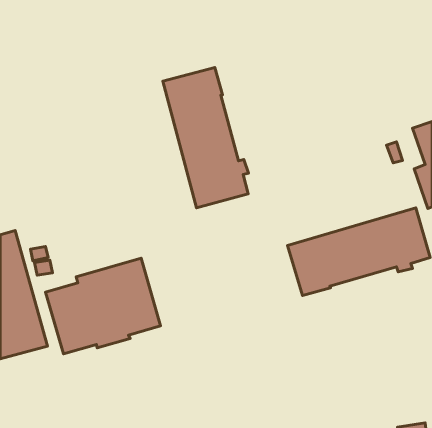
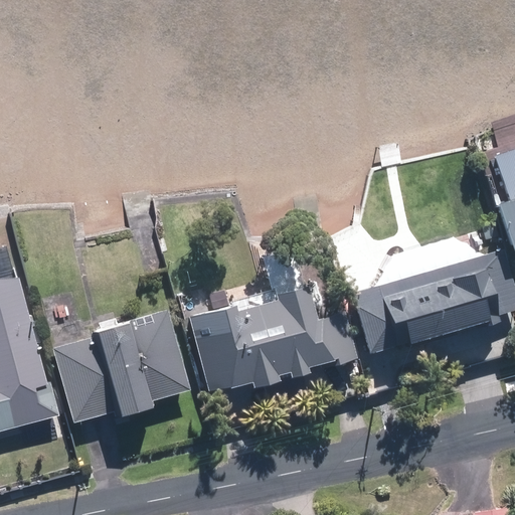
building: [163,68,248,208] -> none
building: none -> [187,250,355,395]

